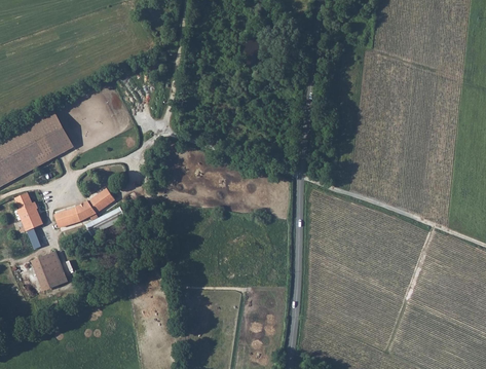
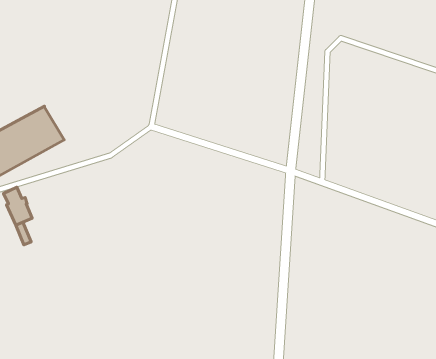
building: [53,191,113,228] -> none
building: [30,252,67,291] -> none

